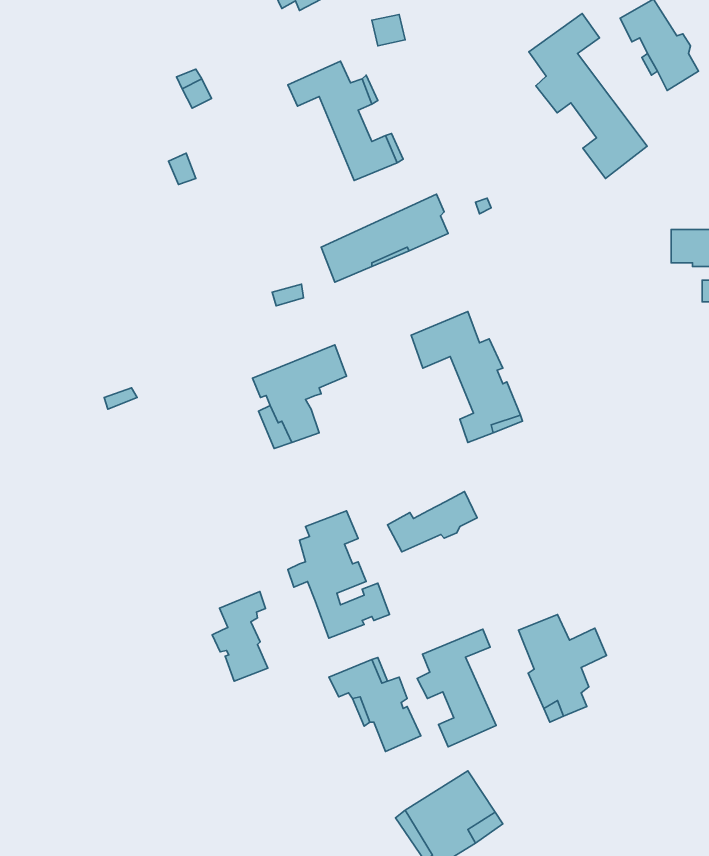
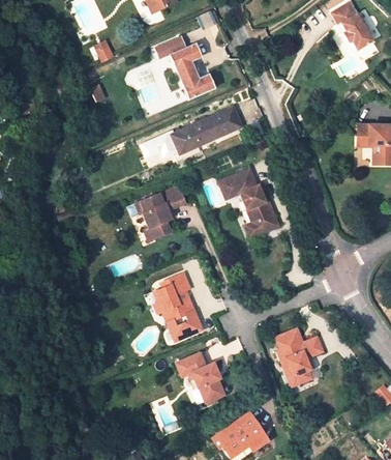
building: [529,13,647,179] -> none
building: [388,491,477,552] -> none
building: [212,591,268,681] -> none
building: [417,629,496,747] -> none

